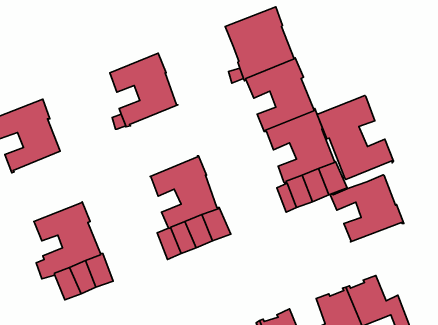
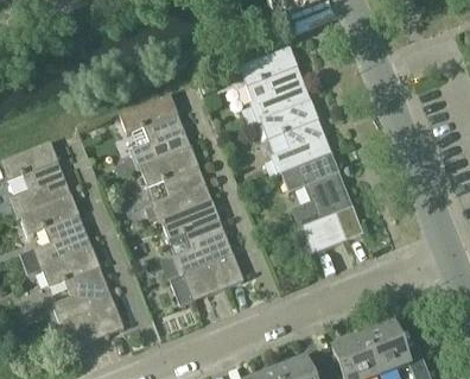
building: [317,96,394,179] -> none
building: none -> [140,144,210,221]
building: none -> [20,191,90,273]
building: [331,175,404,242] -> none

